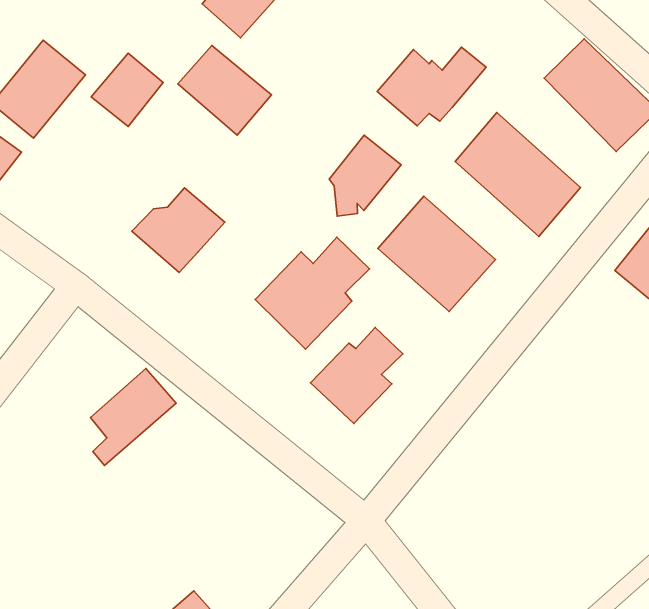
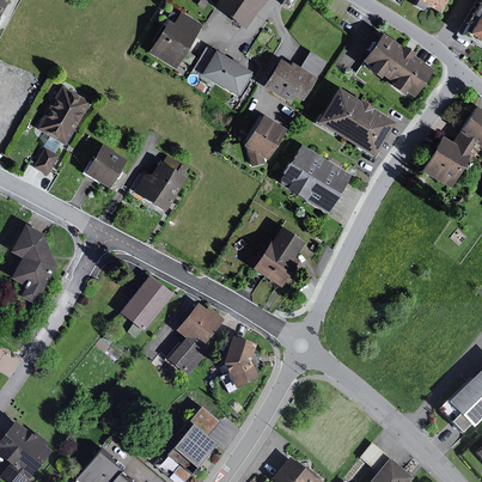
building: [178,46,272,135] -> [199,47,256,98]
building: [91,53,163,127] -> [81,147,123,191]
building: [255,237,369,349] -> none
building: none -> [165,304,221,376]
building: none -> [224,335,260,385]

